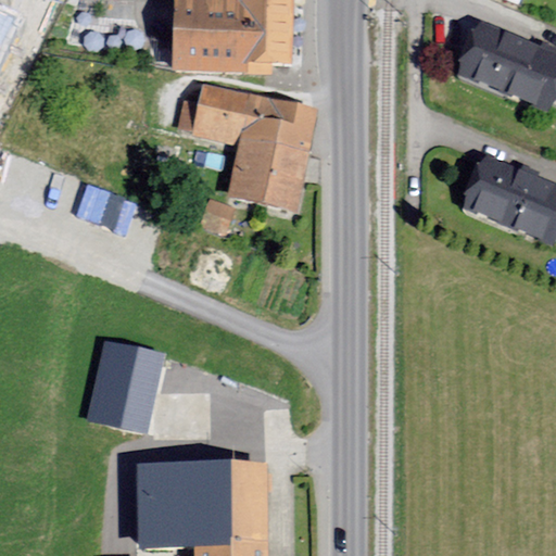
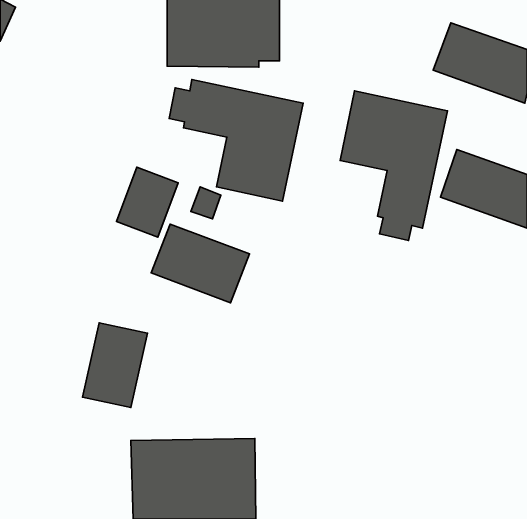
building: none -> [340,91,447,241]
building: none -> [117,167,178,237]
building: none -> [151,224,249,303]

